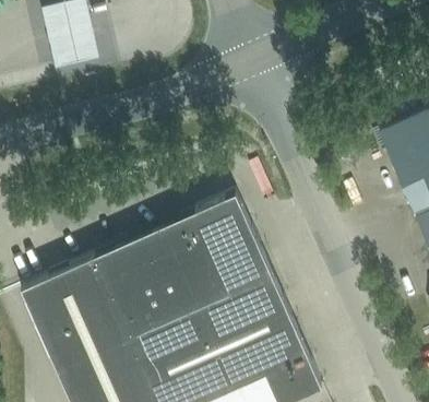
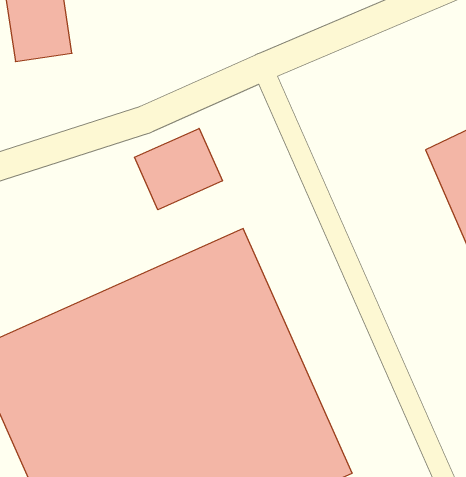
building: none -> [134,128,222,210]

